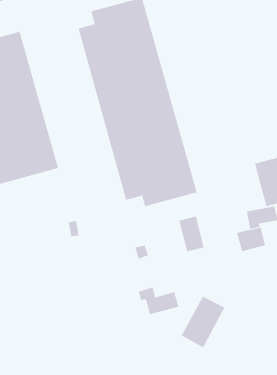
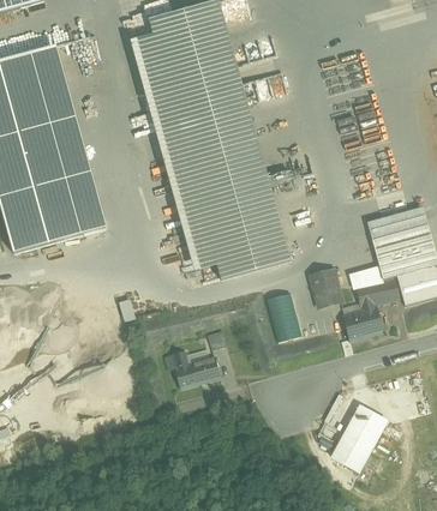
building: none -> [311,267,342,307]
building: [138,287,179,315] -> [166,350,221,387]
building: [181,296,225,348] -> [330,403,389,473]

